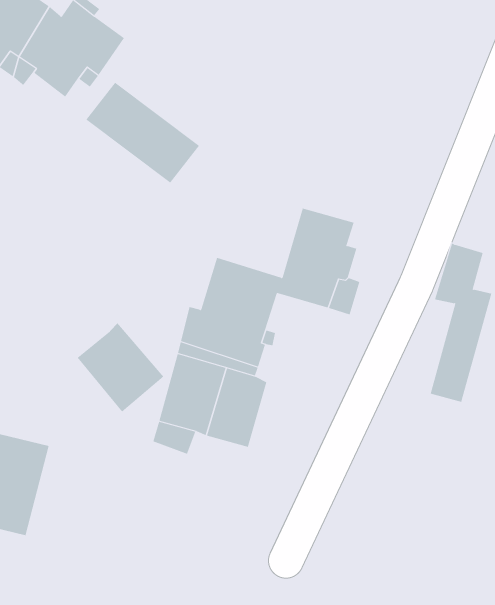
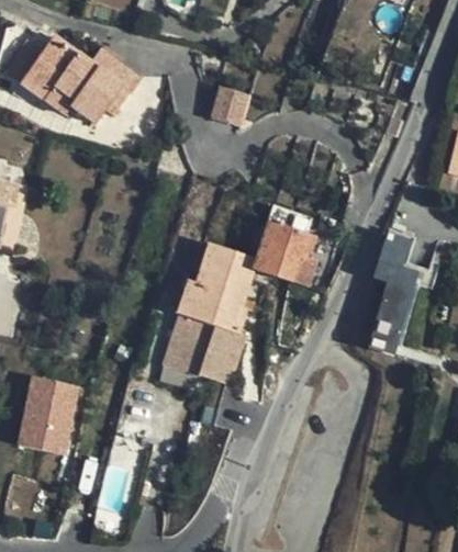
building: none -> [209,83,248,125]
building: [85,82,200,183] -> none
building: [77,322,164,413] -> none

